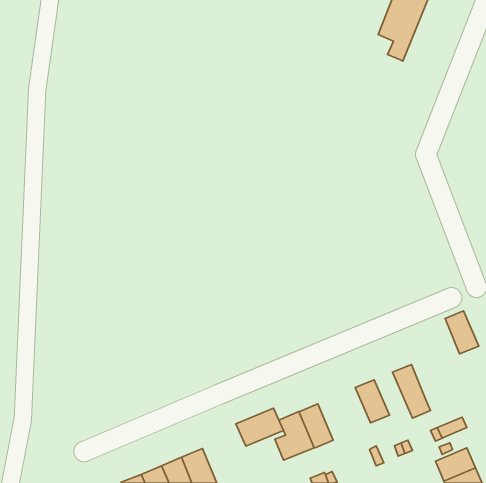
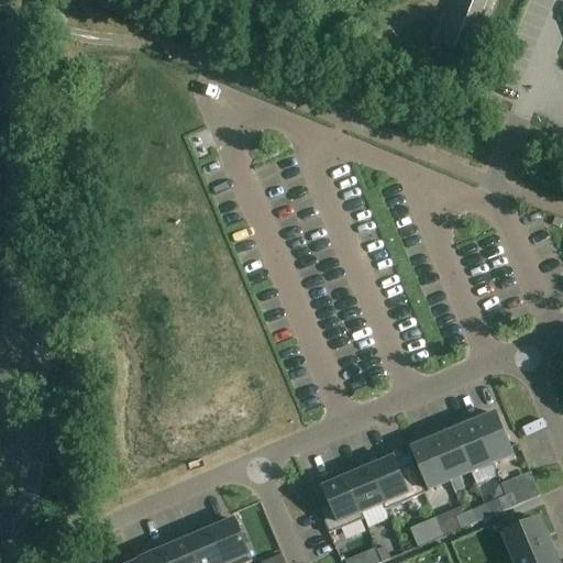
building: [445,311,479,354] -> [474,411,512,461]
building: none -> [431,429,470,478]
building: none -> [366,454,423,507]
building: [236,408,283,446] -> none

